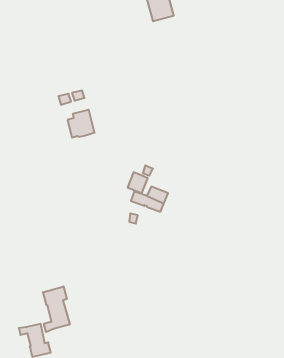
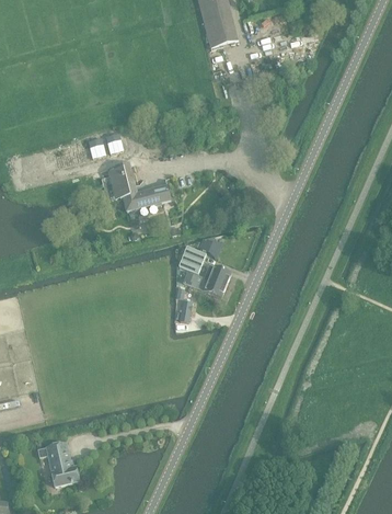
building: none -> [120,185,169,210]
building: [43,286,70,332] -> none

